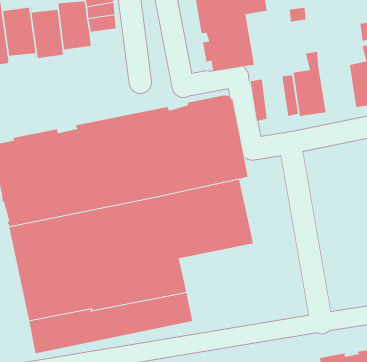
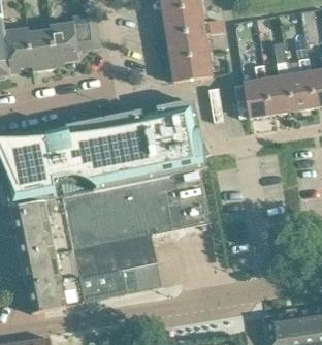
building: none -> [266,40,295,113]

